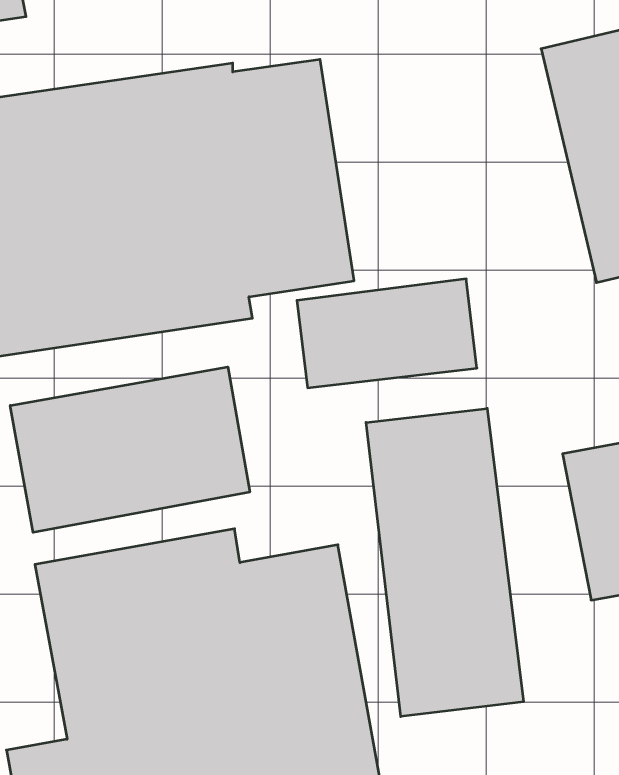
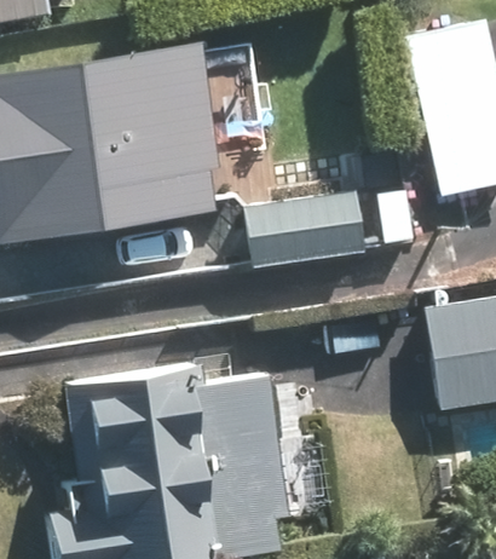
building: [10,367,250,532] -> none
building: [366,408,524,717] -> none

